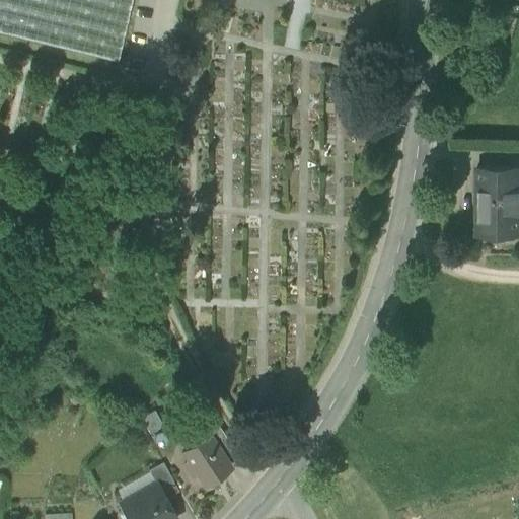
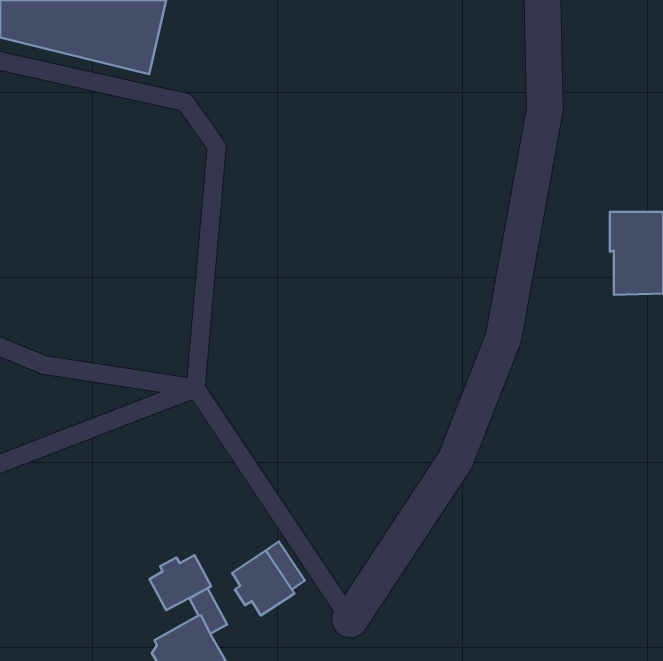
building: none -> [149,555,211,610]

